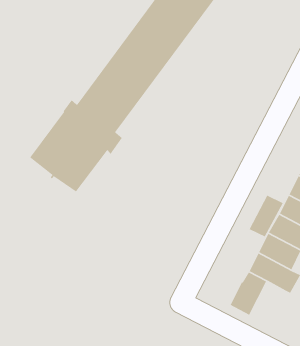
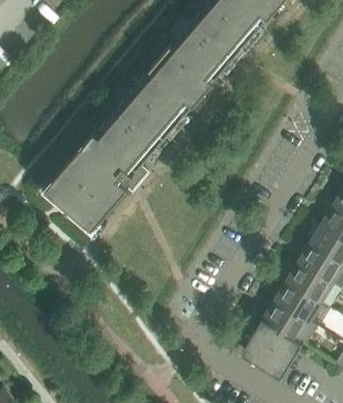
building: [248,195,284,238] -> none
building: none -> [262,330,301,376]

